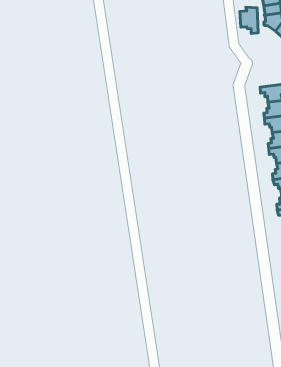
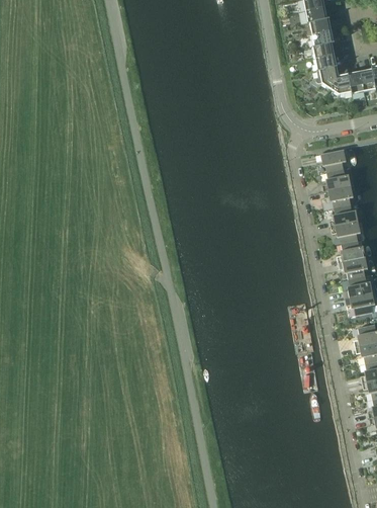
building: [240,7,258,33] -> none

